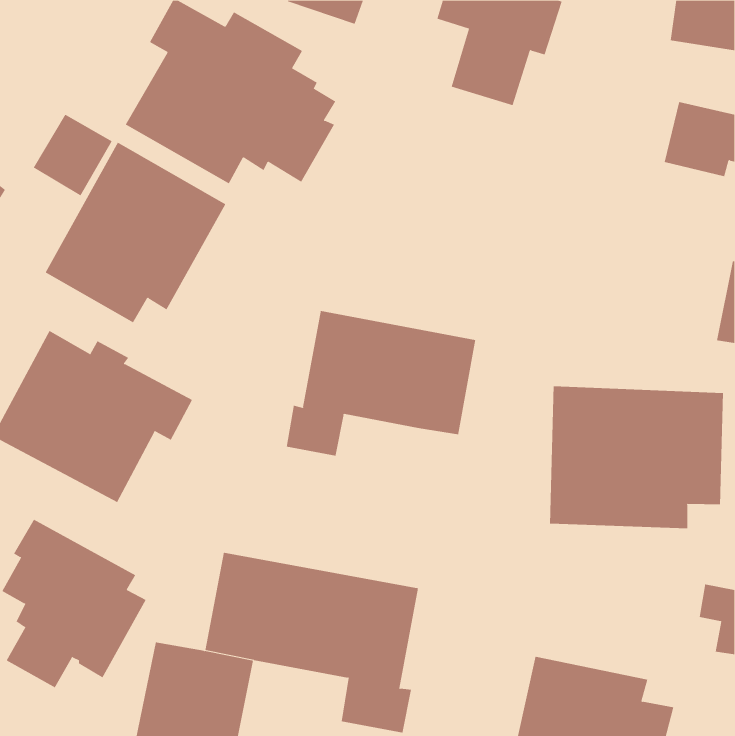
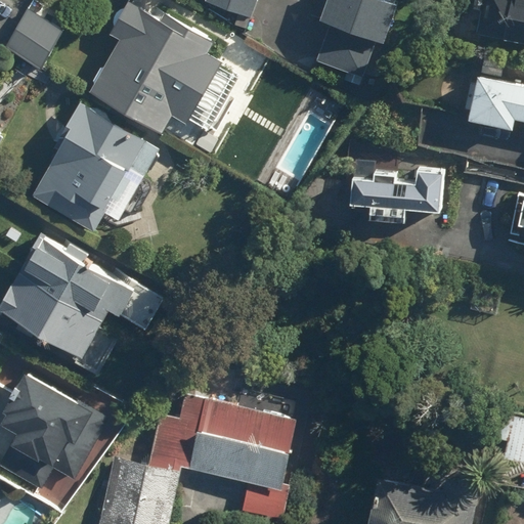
building: [33,114,113,196] -> [6,9,62,68]
building: none -> [350,170,443,224]
building: [286,310,476,457] -> none
building: [549,386,723,529] -> none

